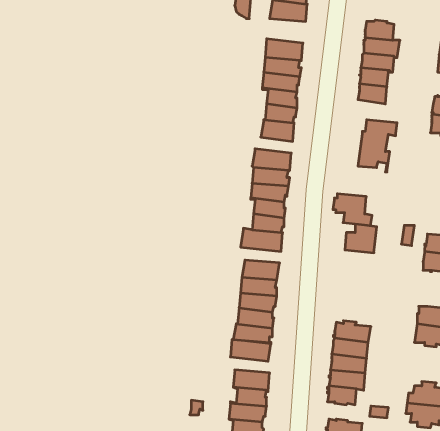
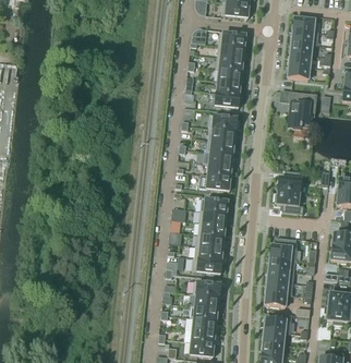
building: [333,194,372,226] -> [274,190,303,214]

